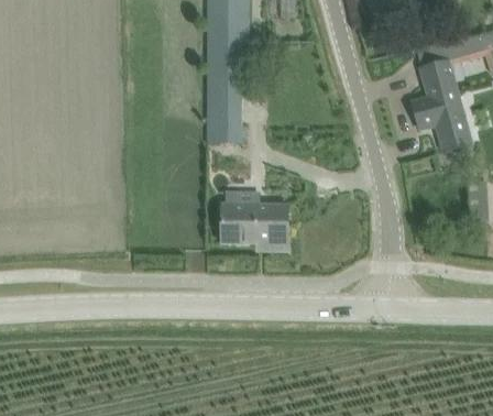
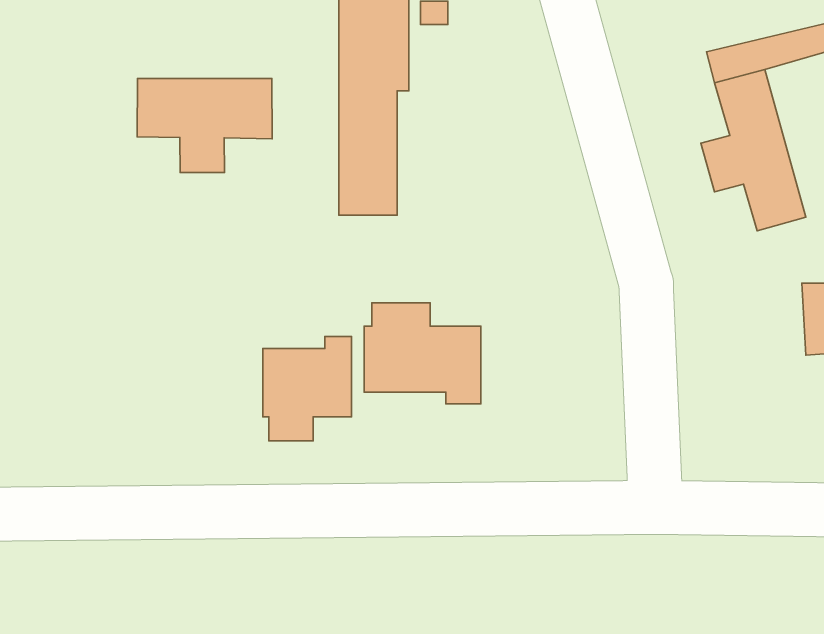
building: none -> [137,79,272,173]
building: none -> [263,337,352,441]

